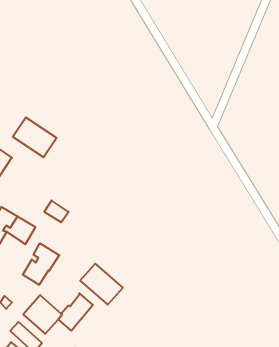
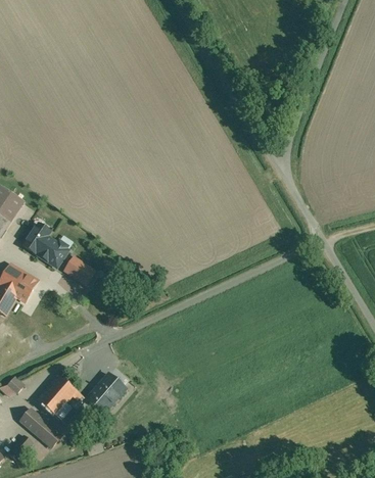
building: [13,118,57,157] -> [18,217,74,267]
building: [23,243,59,285] -> none
building: [80,264,123,305] -> none

